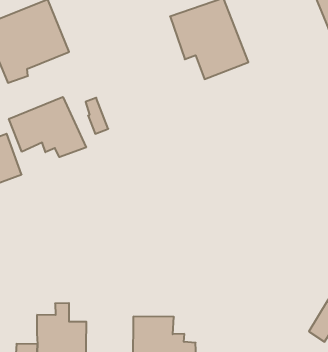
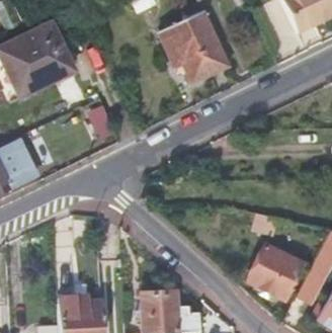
building: [9,97,86,157] -> none
building: none -> [248,243,304,301]

